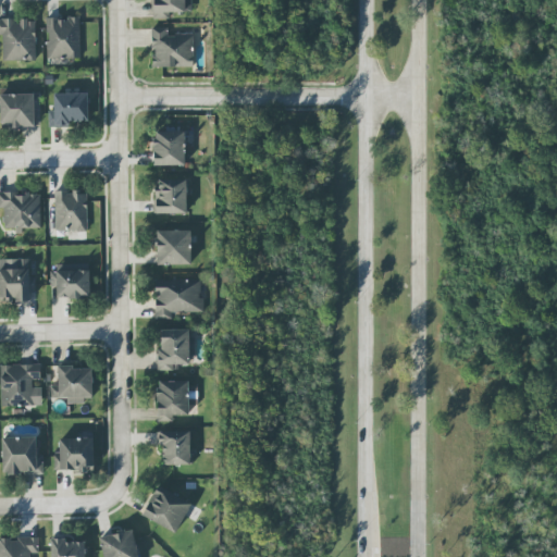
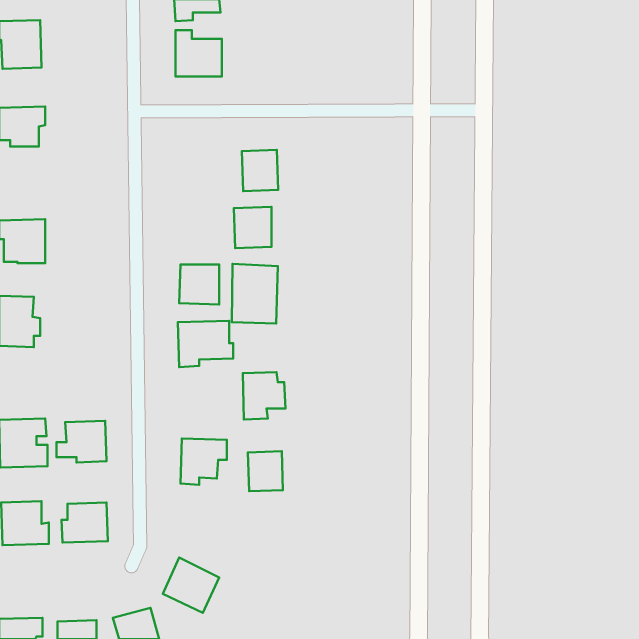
building: [46,16,79,58] -> none
building: [48,92,88,123] -> none
building: [153,129,185,165] -> [242,150,278,191]
building: [153,177,186,213] -> [234,207,272,248]
building: [53,190,87,230] -> none
building: none -> [232,264,278,324]
building: [52,263,89,297] -> none
building: [158,329,195,370] -> [243,372,285,420]
building: [160,430,190,465] -> [248,451,283,491]

